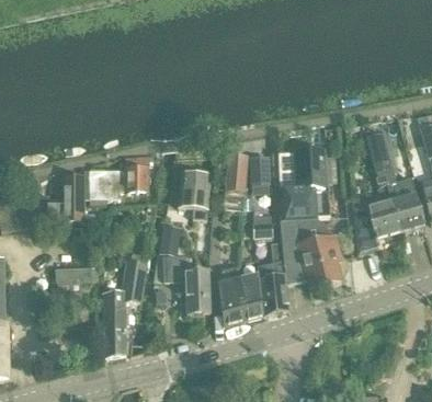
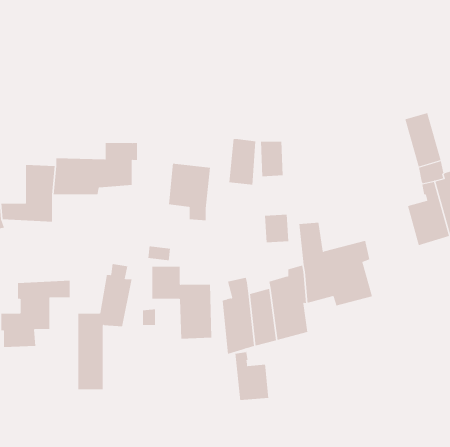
building: [280,150,325,218] -> none
building: none -> [235,349,269,401]

